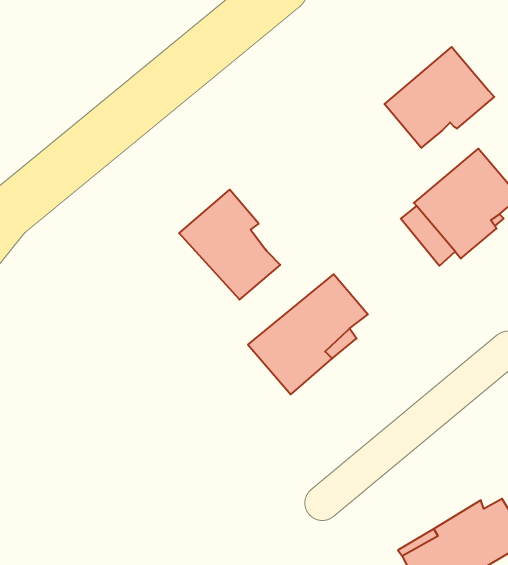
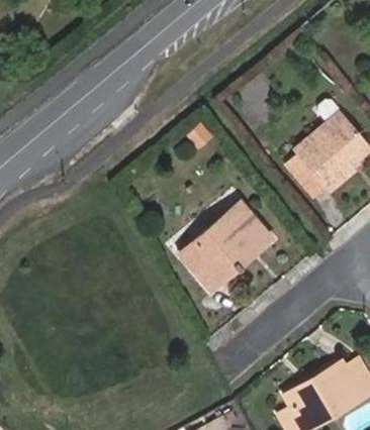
building: [384,47,494,148] -> none
building: [179,190,280,300] -> none

